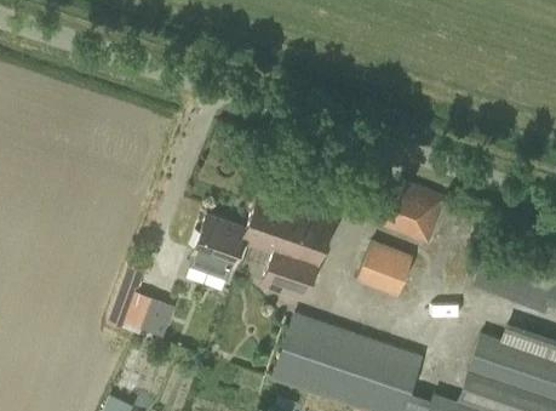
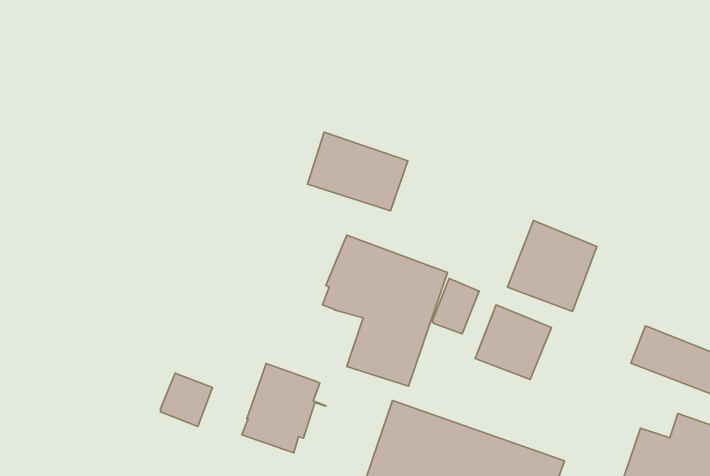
building: none -> [307,132,408,211]
building: [190,213,253,280] -> [242,364,326,453]
building: none -> [432,279,479,334]

